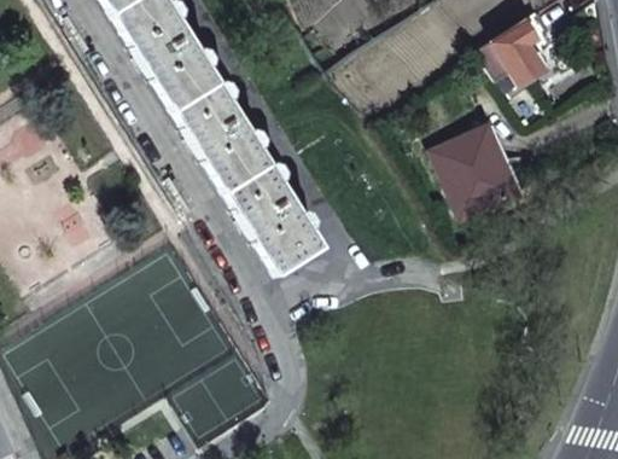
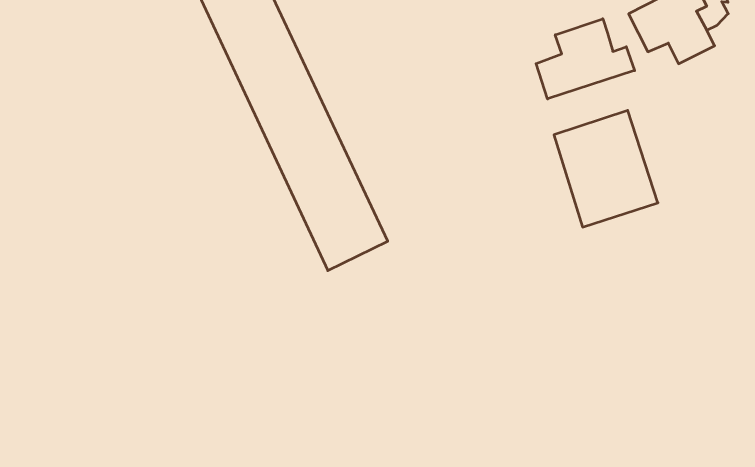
building: none -> [536,19,635,99]

